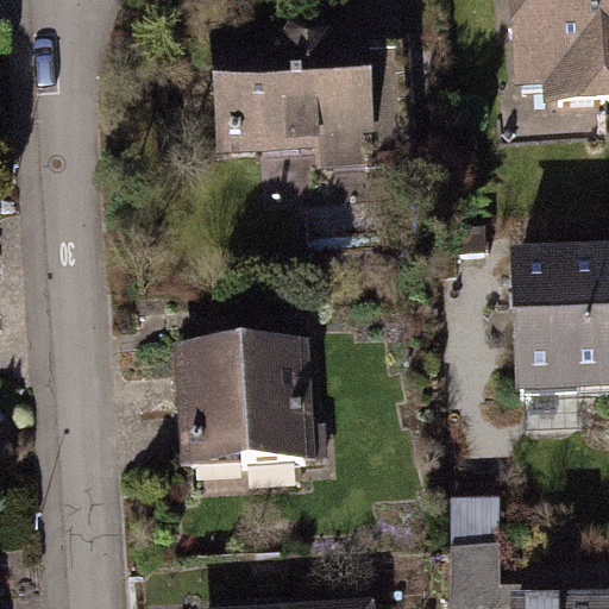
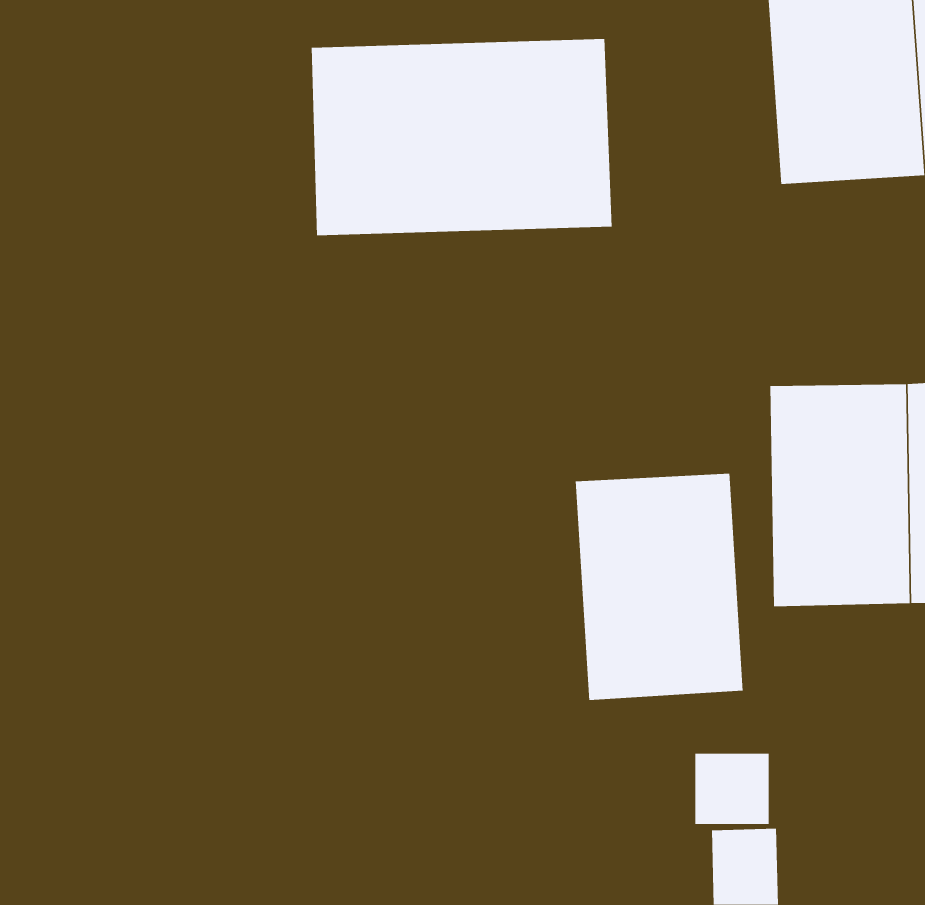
building: none -> [575,473,743,701]
building: [178,341,313,485] -> none

